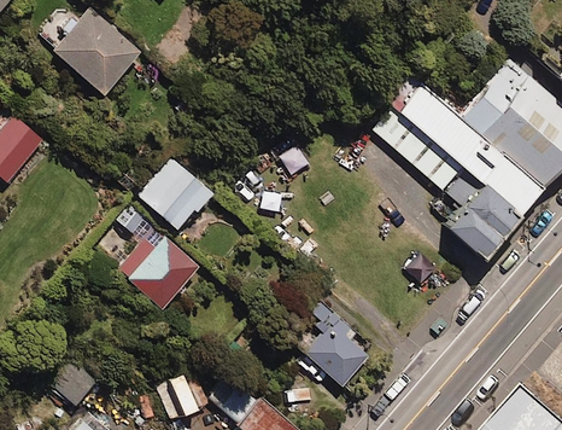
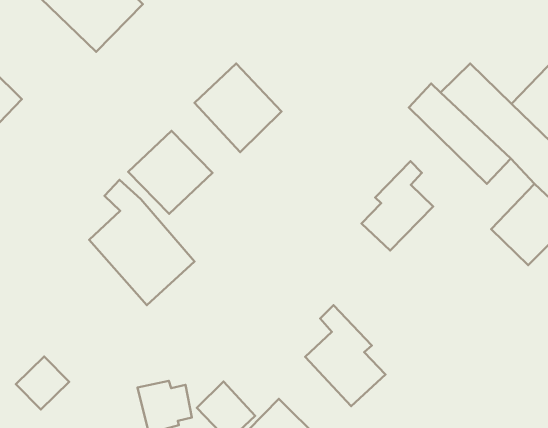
building: none -> [194,63,281,152]
building: none -> [362,161,433,251]

